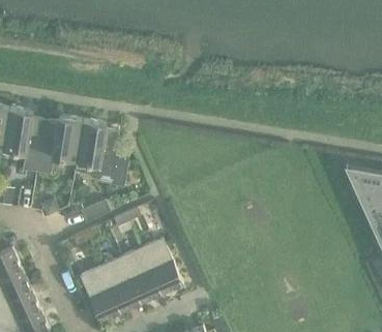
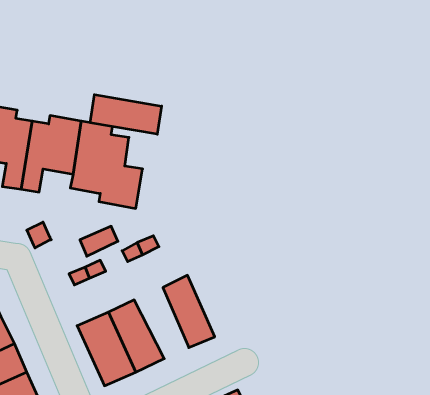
building: none -> [90,95,162,134]
building: [121,247,163,301] -> none

